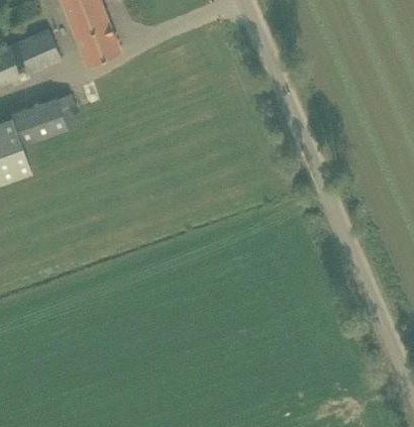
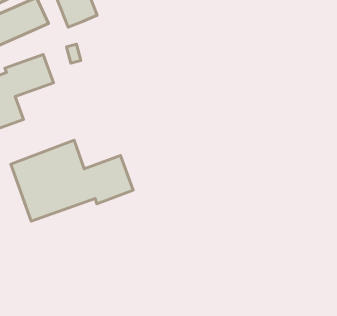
building: none -> [11,140,133,221]

